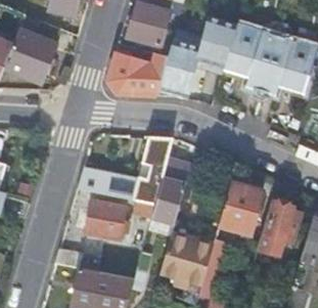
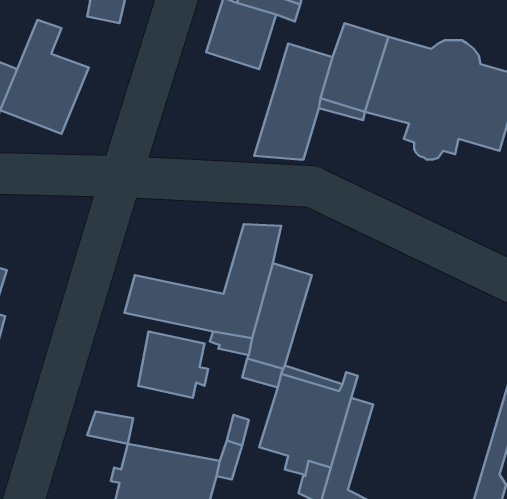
building: [107,46,168,95] -> none
building: [219,181,262,234] -> none
building: [258,201,301,256] -> none

